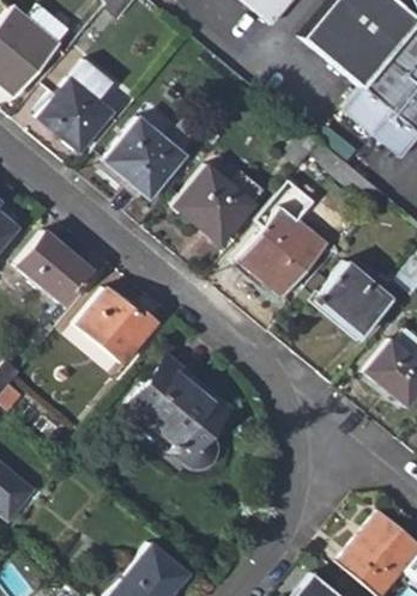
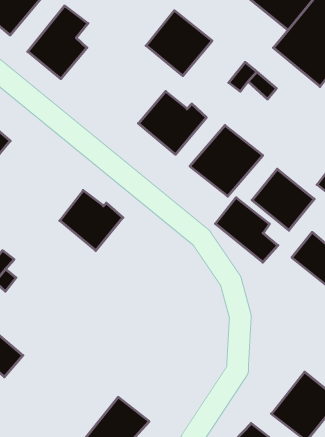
building: [104,118,186,199] -> [146,11,212,76]
building: [18,231,92,304] -> none
building: none -> [215,198,278,262]
building: [123,354,232,467] -> none

